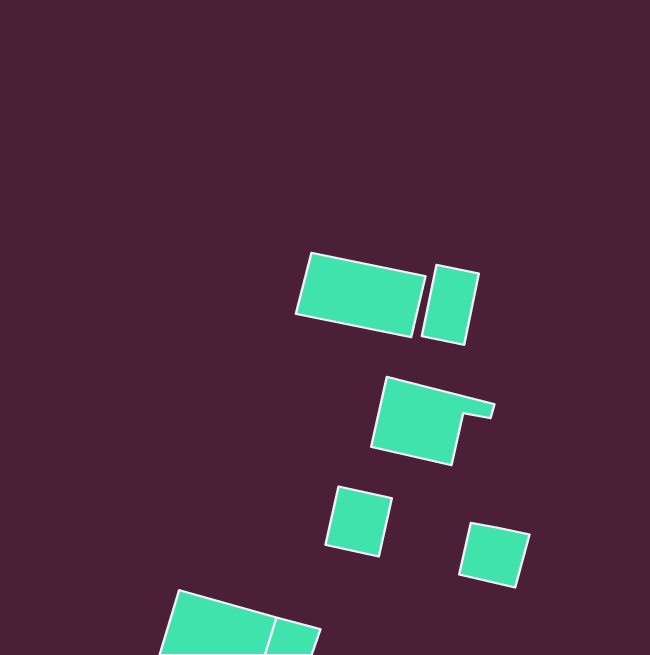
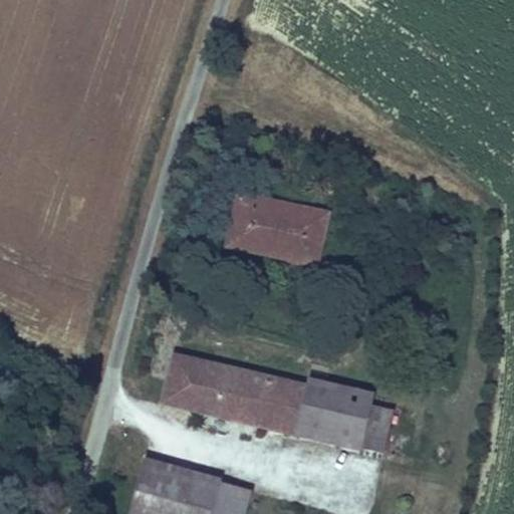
building: [422,265,479,345] -> none
building: [371,377,494,465] -> [293,376,389,445]
building: none -> [159,354,262,422]

